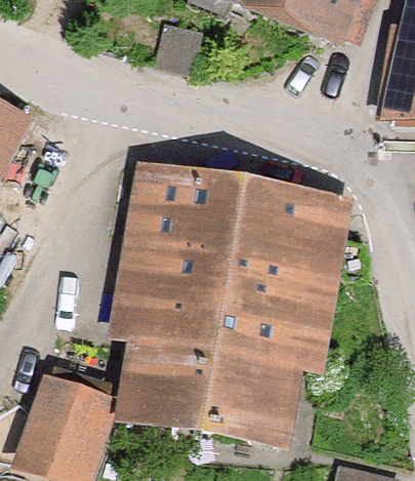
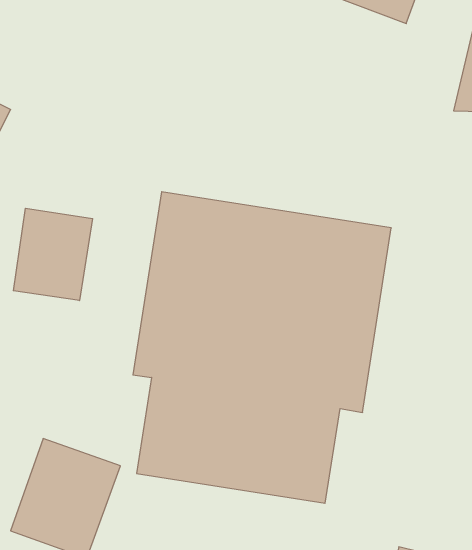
building: none -> [13,208,93,301]

